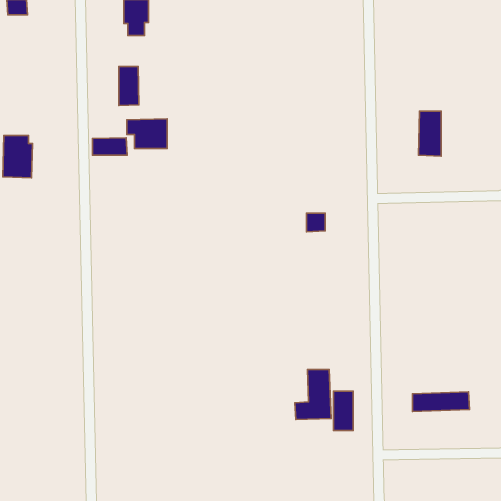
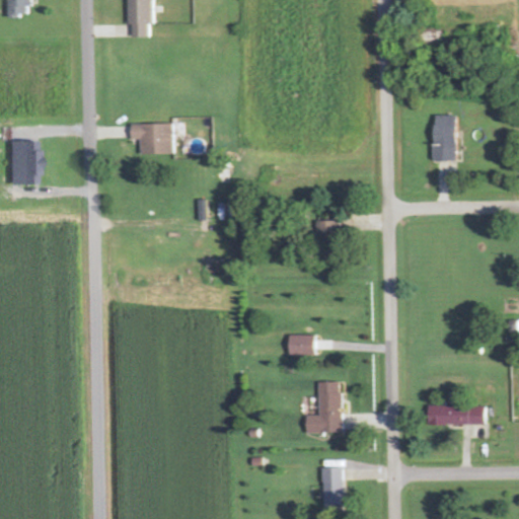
building: [119,66,139,106] -> none
building: [92,138,127,155] -> none
building: none -> [287,335,314,355]
building: [333,391,353,431] -> [321,467,342,508]

